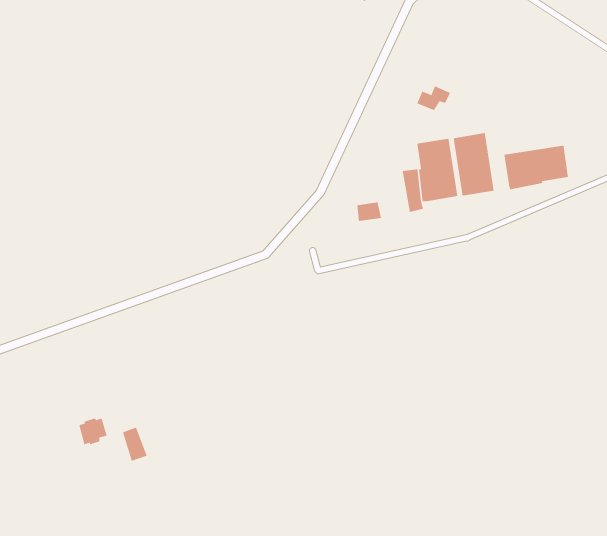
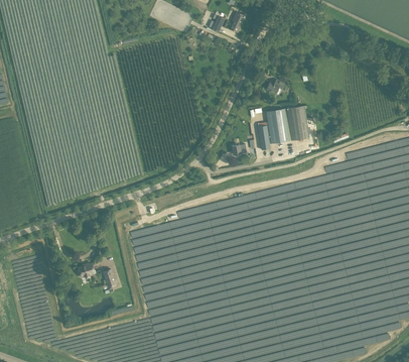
building: [504,145,569,190] -> none

